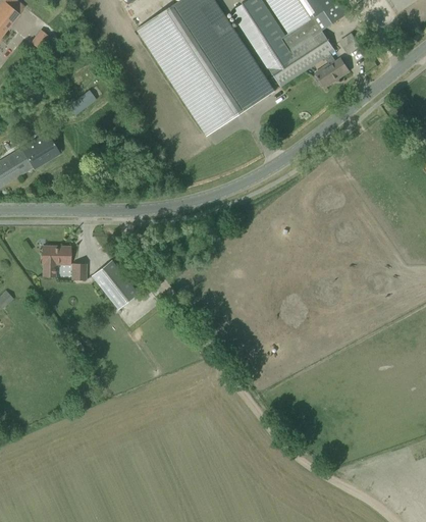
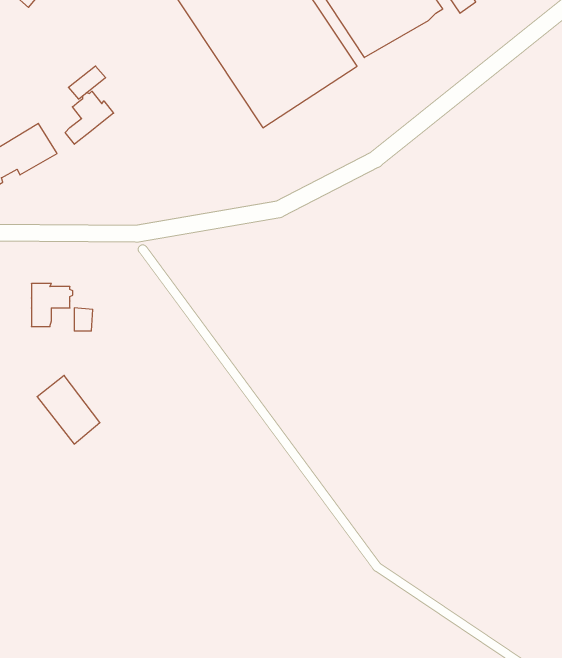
building: [316,53,349,87] -> none
building: none -> [65,91,114,144]
building: [92,260,137,309] -> [37,375,100,444]

